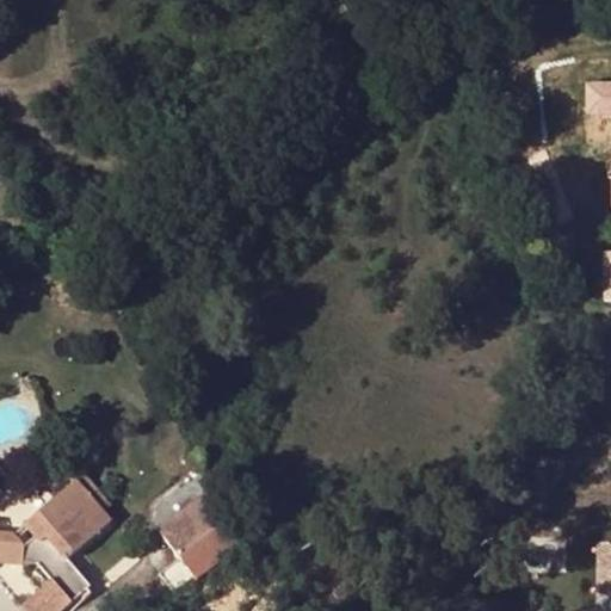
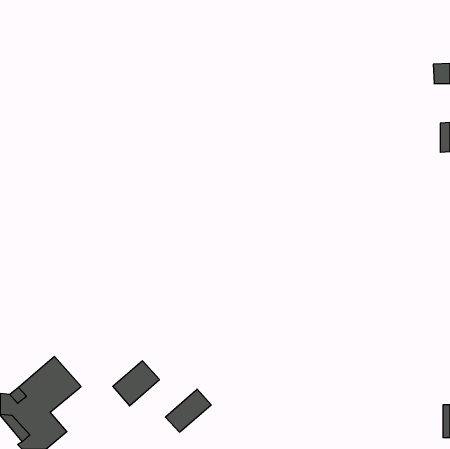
building: [175,512,237,570] -> [165,389,211,432]

